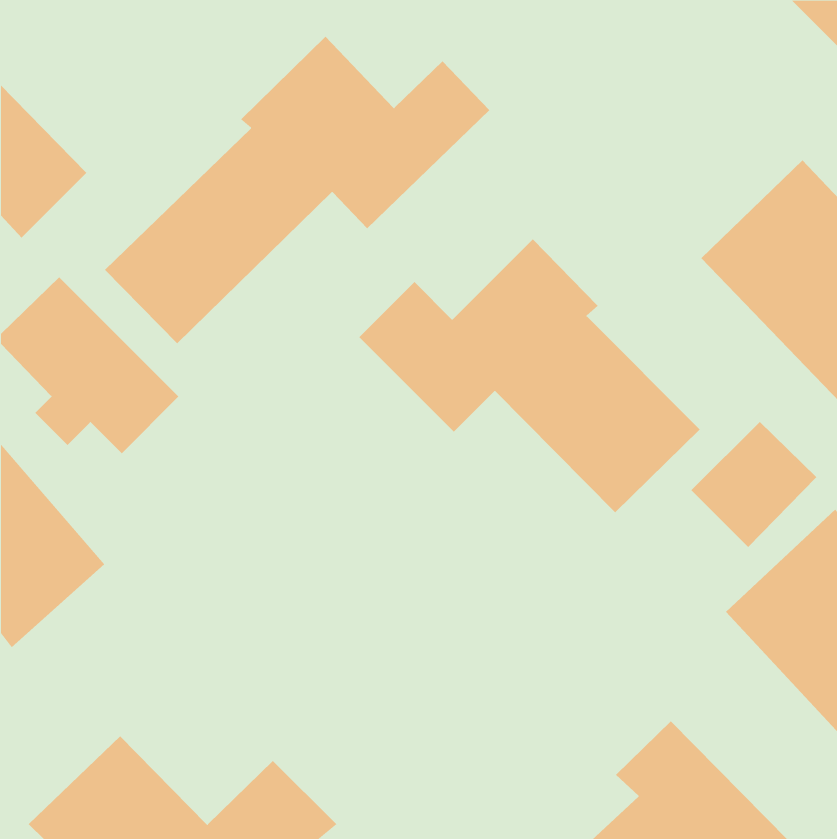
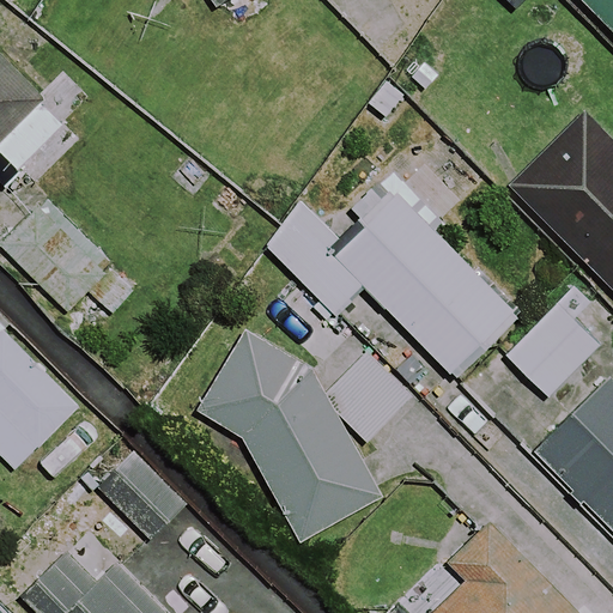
building: [104,36,490,344] -> none
building: none -> [196,322,408,536]

